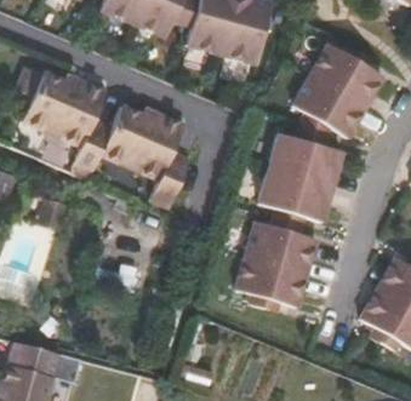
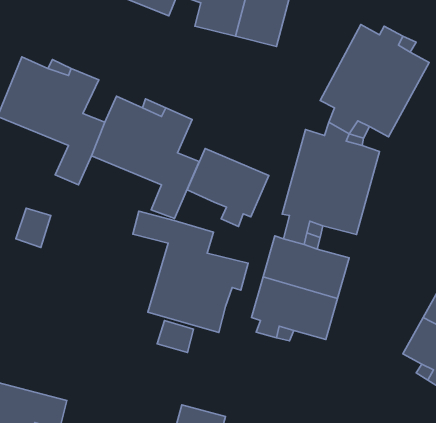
building: none -> [187,148,269,226]
building: none -> [133,211,248,333]

